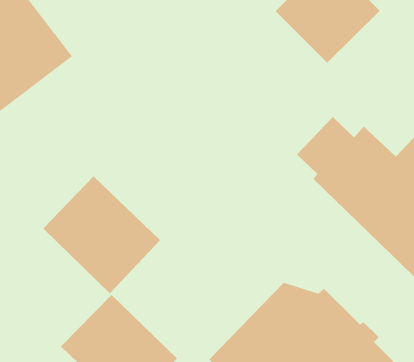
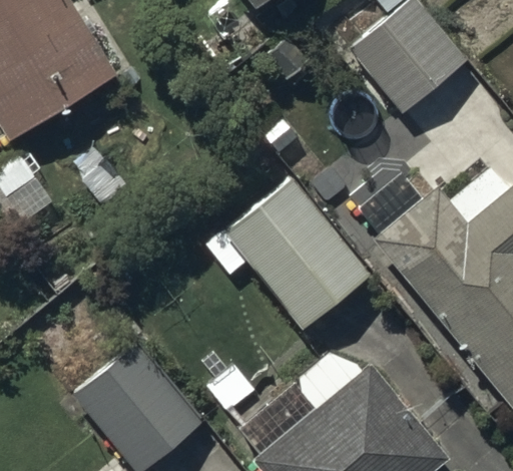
building: none -> [202,178,370,328]
building: [42,175,161,294] -> none

